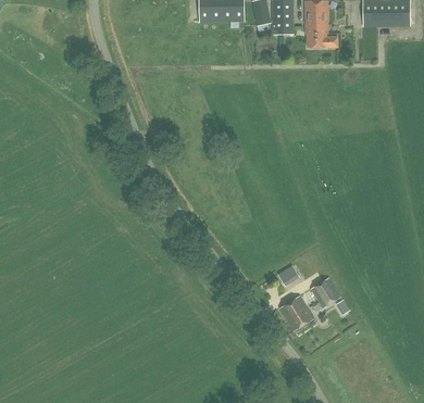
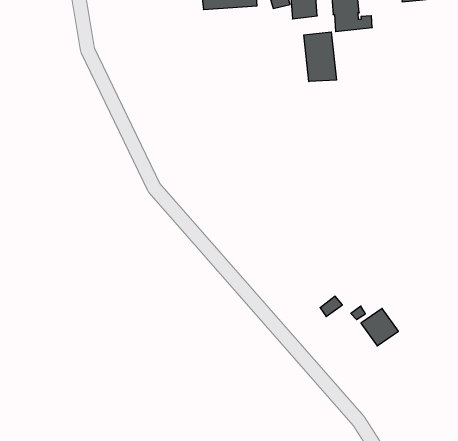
building: none -> [304,32,336,82]
building: [279,297,313,330] -> none

